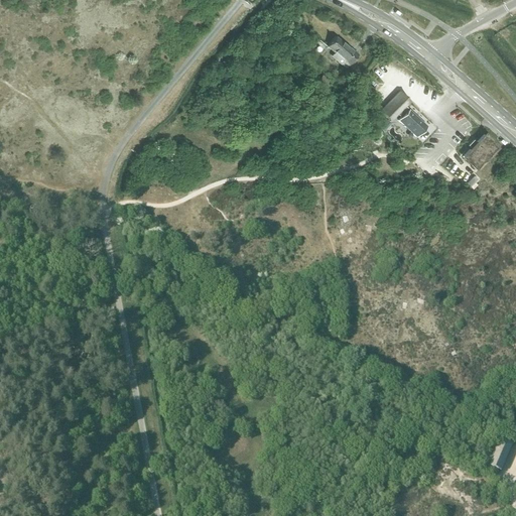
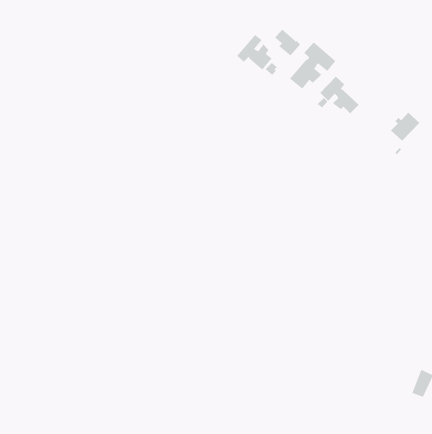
building: none -> [236,34,272,70]
building: none -> [289,42,336,90]

